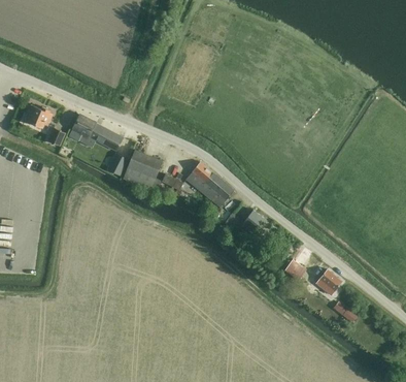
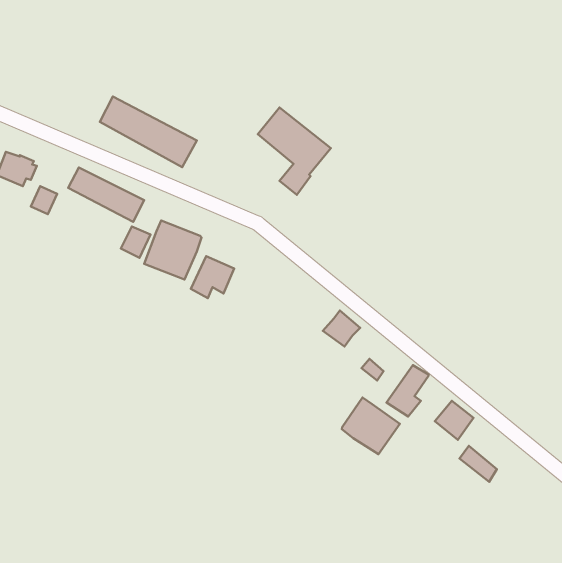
building: none -> [100,97,197,167]
building: [185,162,234,220] -> [258,108,331,195]
building: none -> [342,398,400,454]

